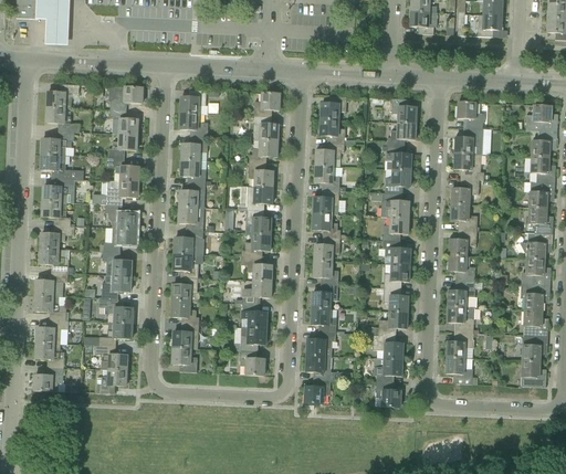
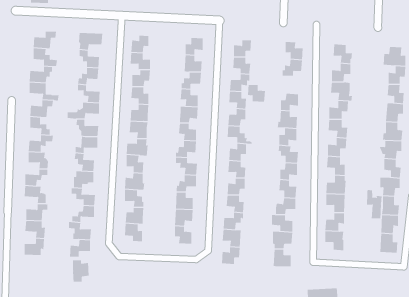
building: [386,145,411,169] -> [247,85,266,102]
building: none -> [367,189,382,219]
building: none -> [73,260,89,282]

